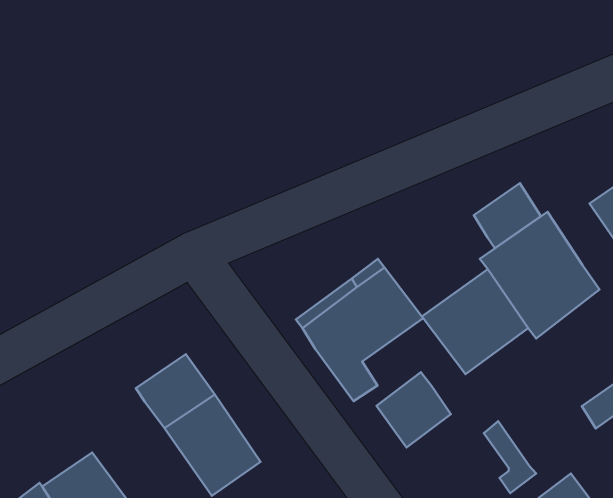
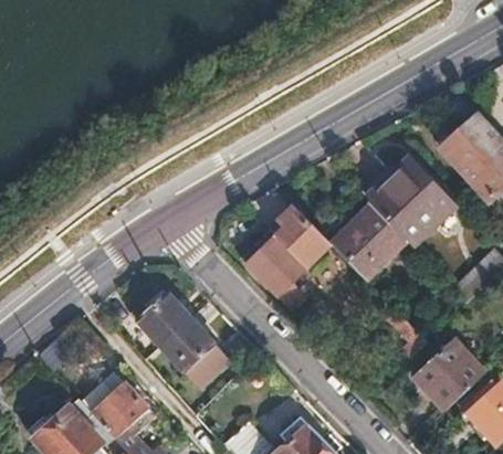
building: [474,183,541,248] -> none
building: [377,372,451,448] -> none

